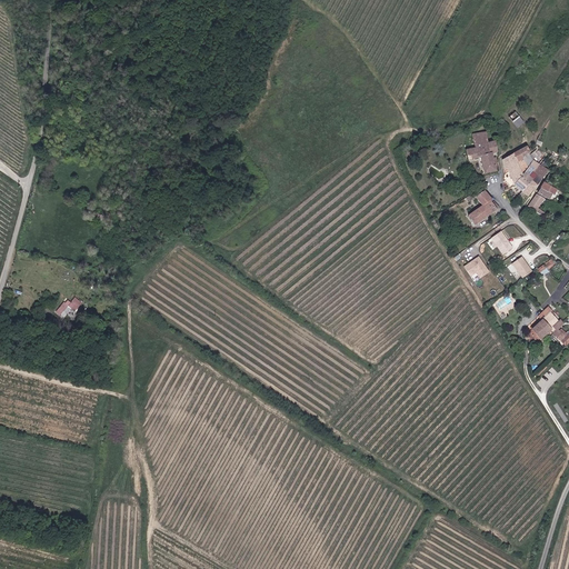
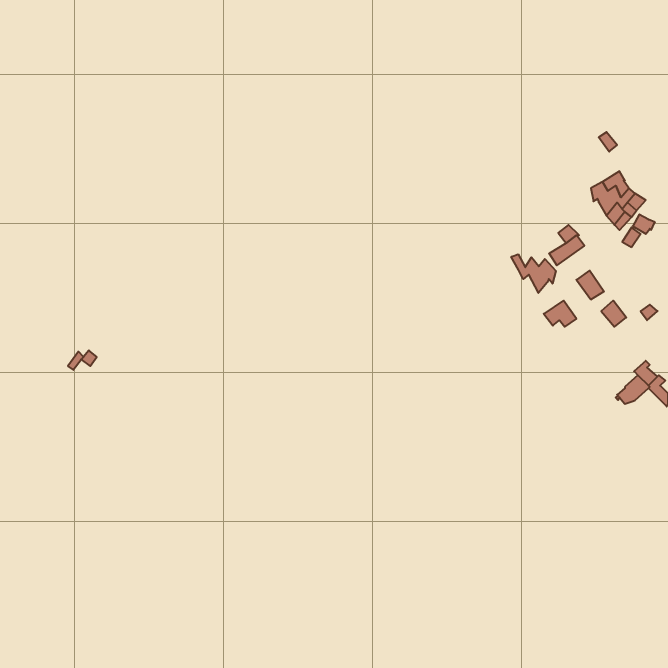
building: [466,132,497,173] -> none
building: none -> [511,254,556,293]

